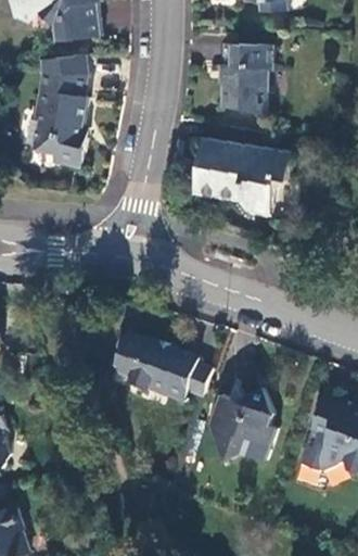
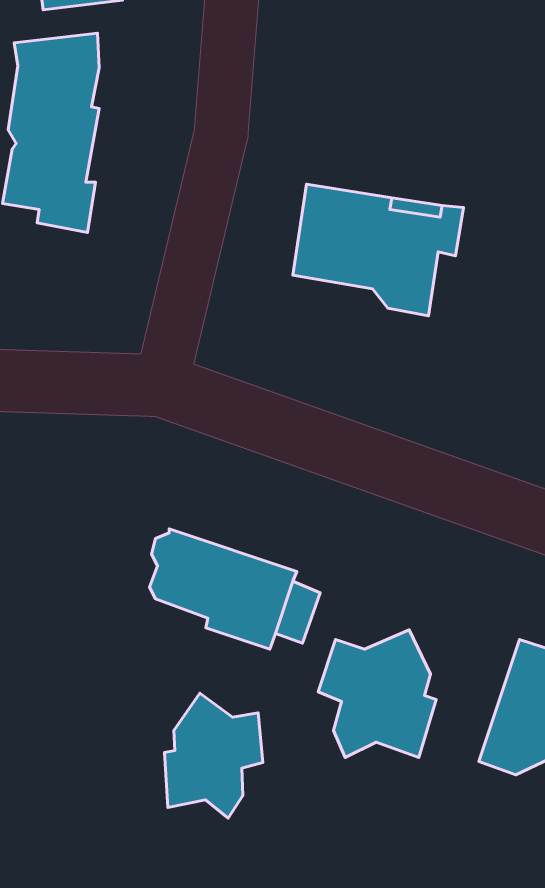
building: [222,45,272,113] -> none
building: none -> [164,693,263,818]

